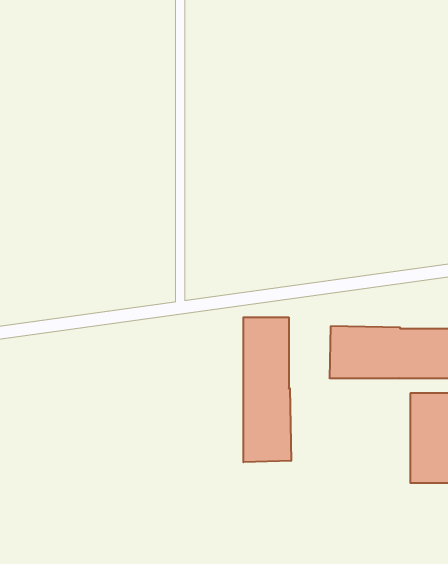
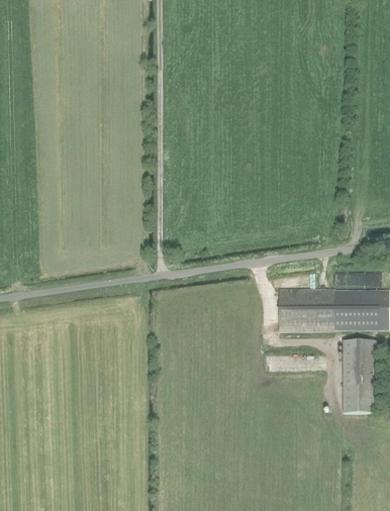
building: [243,317,291,462] -> none

